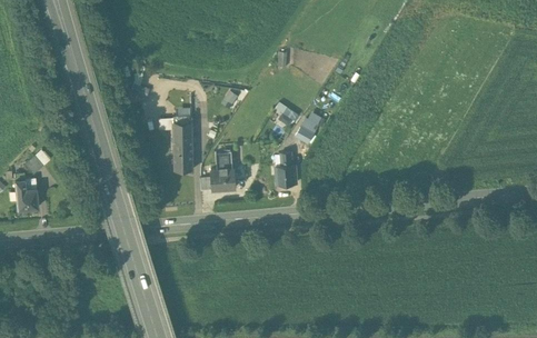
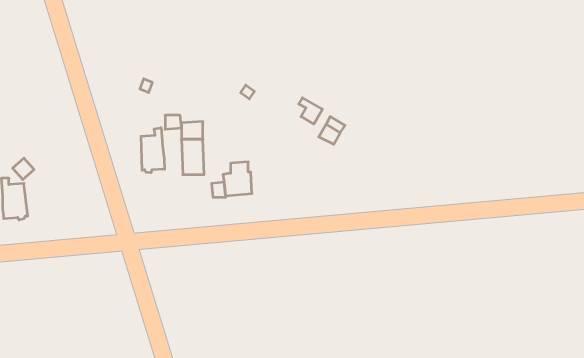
building: none -> [141,128,165,173]
building: [276,152,296,185] -> none

